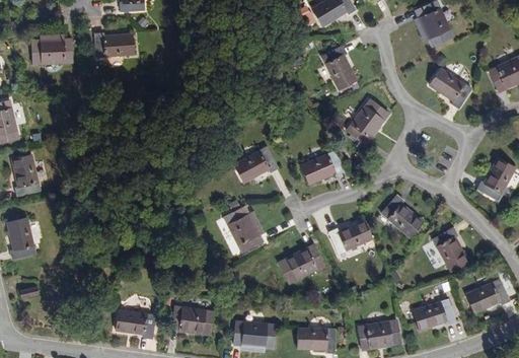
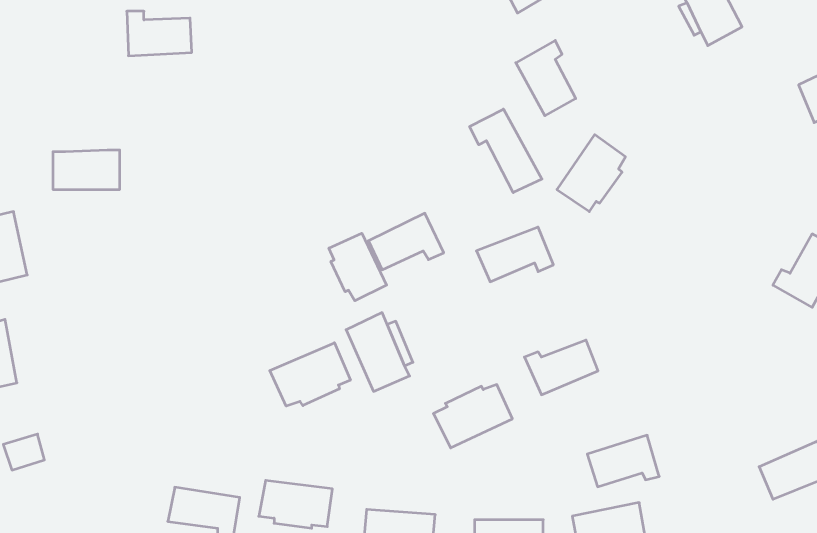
building: [29,34,69,58] -> [53,150,120,189]
building: [431,70,474,112] -> none
building: none -> [470,109,542,193]
building: none -> [329,233,387,301]
building: [381,195,424,239] -> none
building: none -> [270,343,350,406]
building: [434,226,469,272] -> none
building: [414,301,456,332] -> [587,435,659,487]

